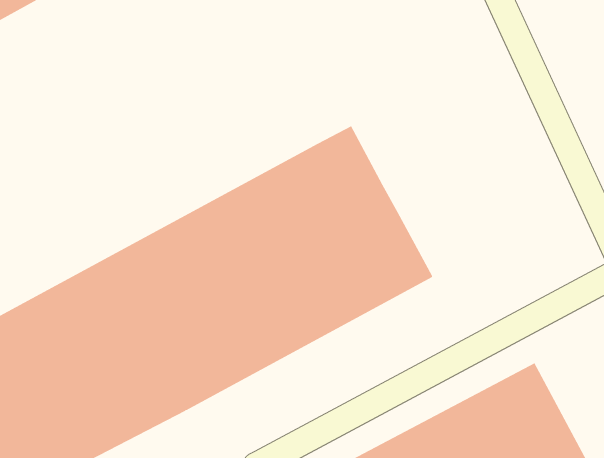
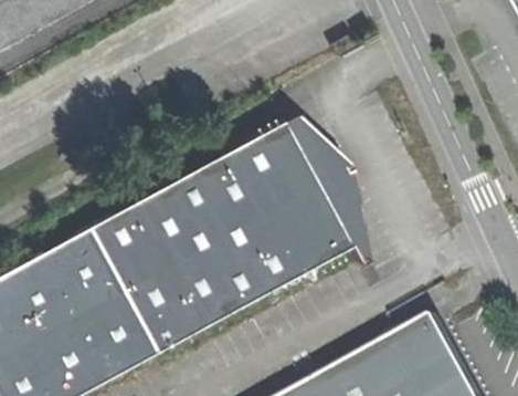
building: none -> [288,117,372,265]

